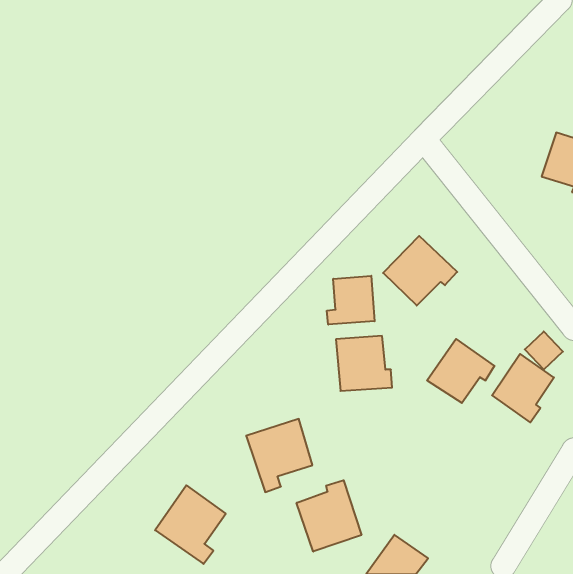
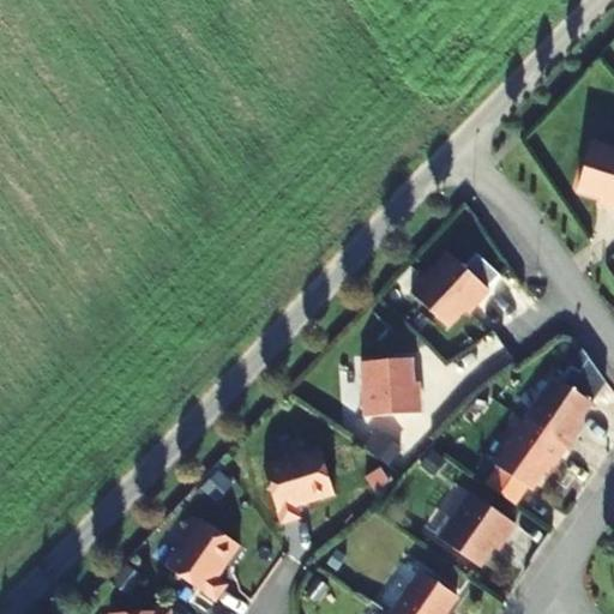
building: [327,276,375,325] -> none
building: [427,339,495,403] -> [495,422,567,490]
building: none -> [441,495,517,566]
building: [297,480,361,552] -> none

